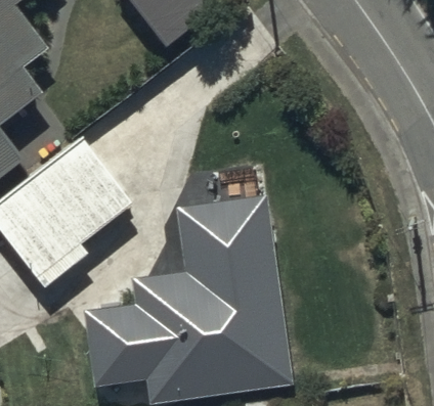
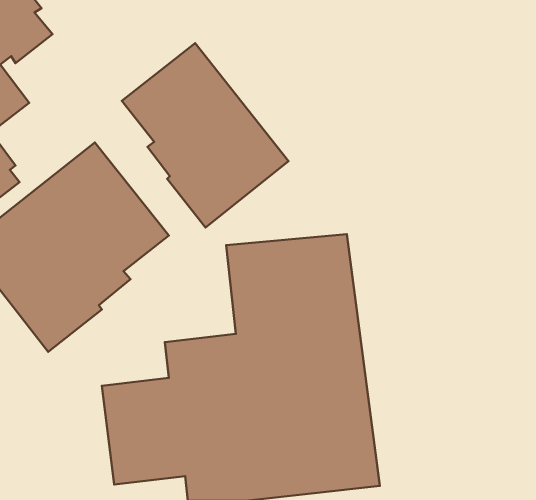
building: none -> [122,43,289,228]

